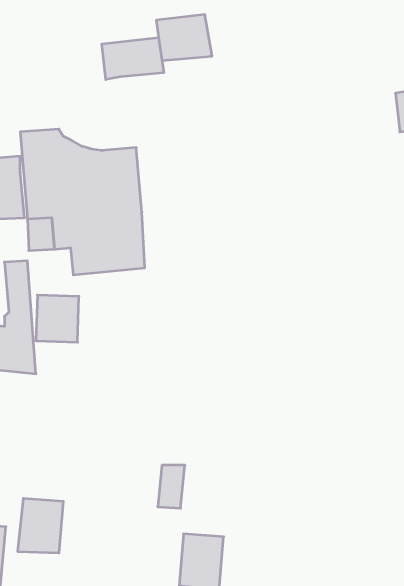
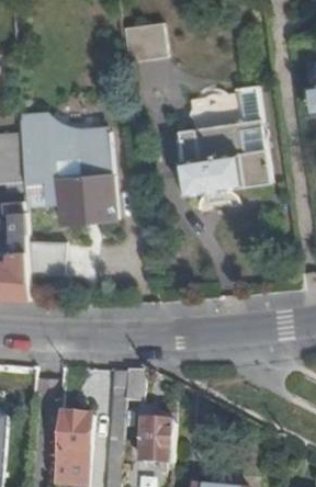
building: [102,37,164,80] -> none
building: none -> [174,86,269,196]
building: [18,498,63,553] -> [56,416,91,457]

